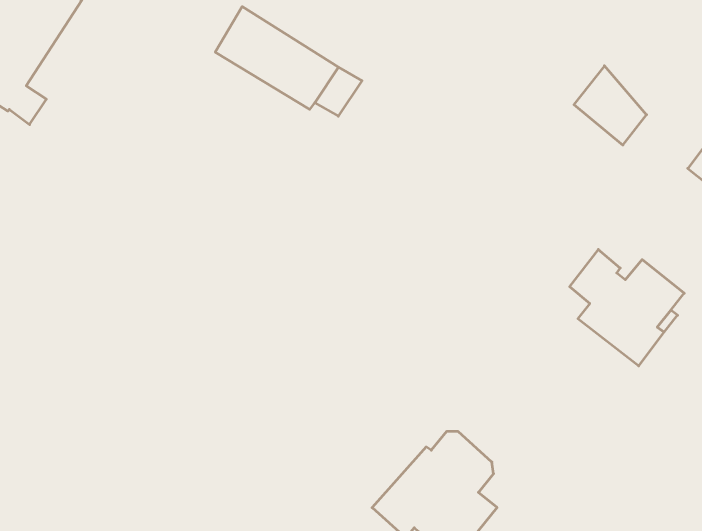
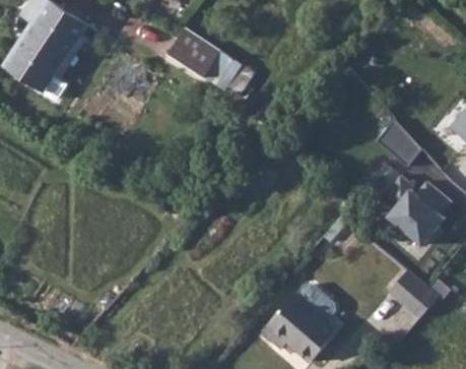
building: [574,66,647,145] -> [377,120,420,168]
building: none -> [381,270,439,326]

